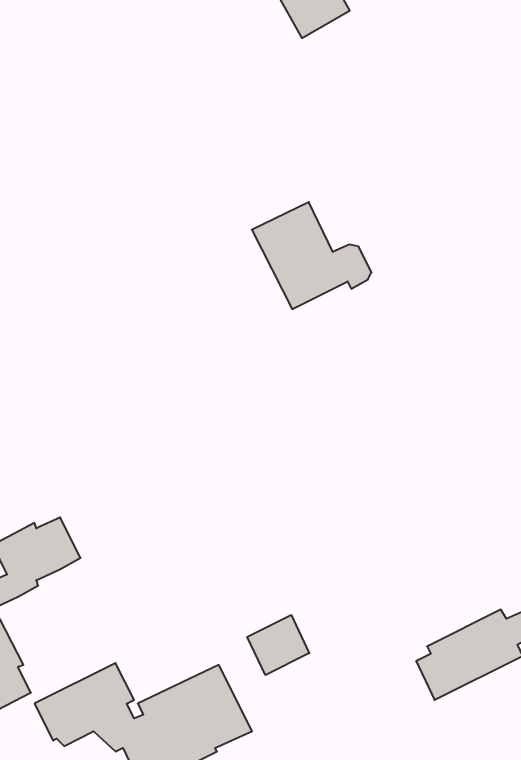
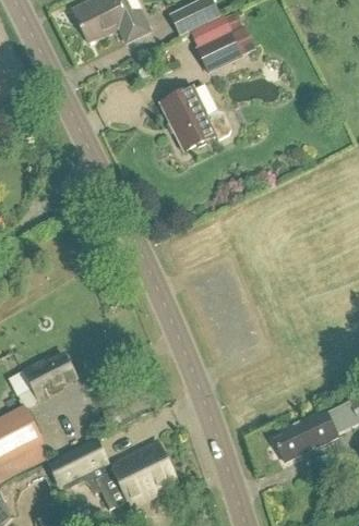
building: [252,202,372,309] -> [160,87,231,150]
building: [247,615,309,675] -> none

